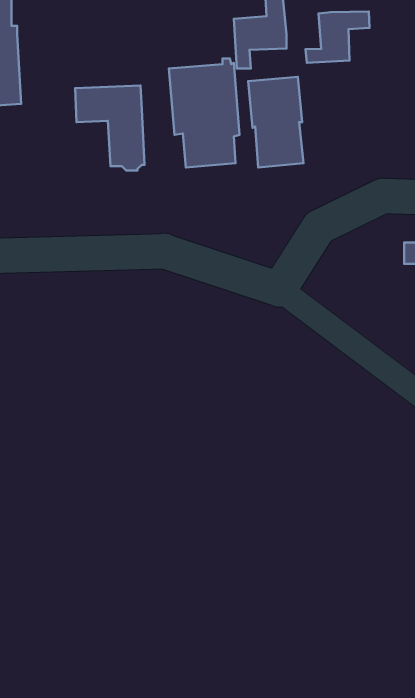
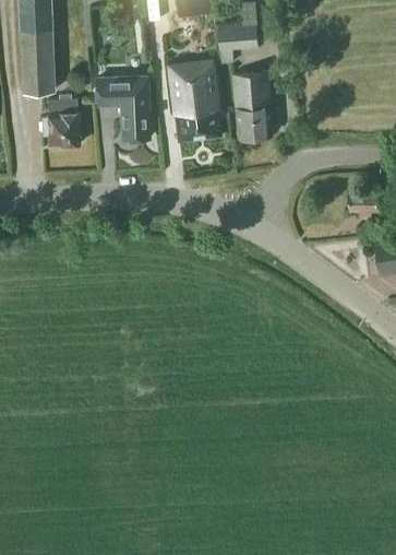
building: [305,12,369,63] -> none
building: none -> [43,98,81,145]

